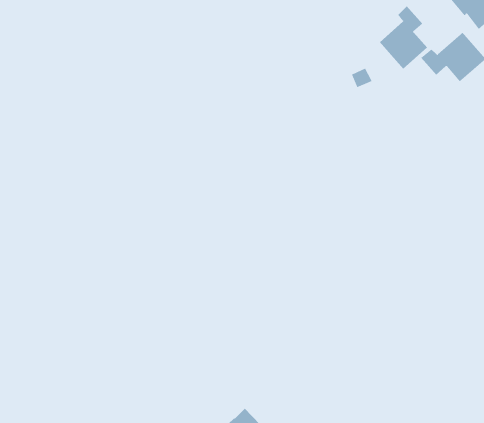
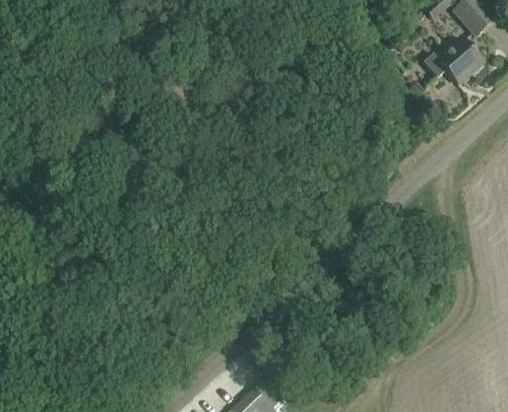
building: [379,6,428,69] -> none

